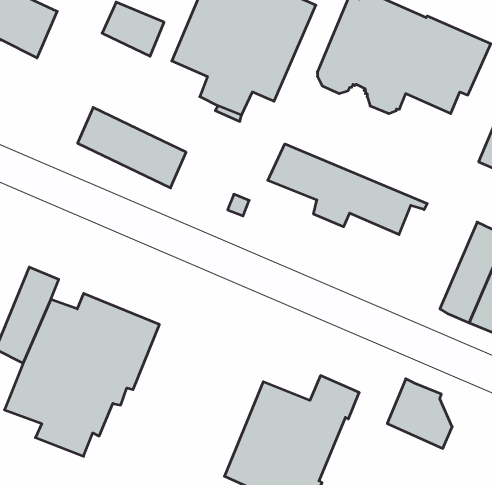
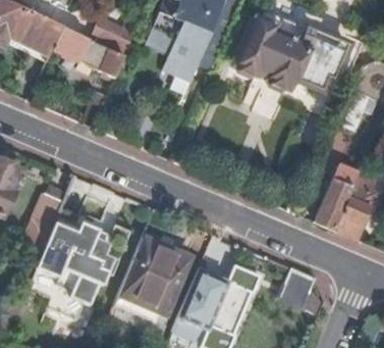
building: [78,107,186,188] -> [52,23,123,77]
building: [268,144,427,235] -> none
building: none -> [118,236,189,311]

